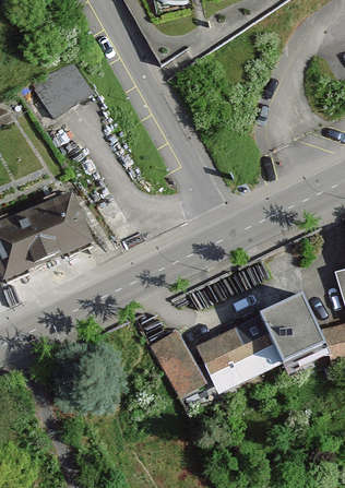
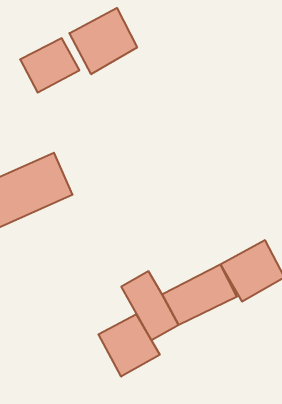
building: none -> [69,8,137,74]
building: none -> [98,314,160,377]

